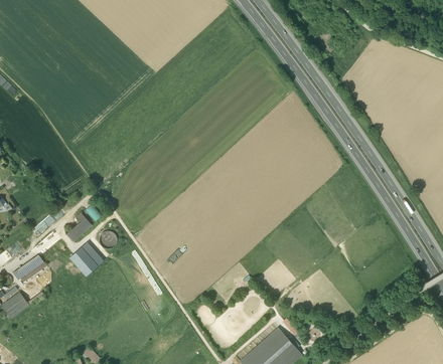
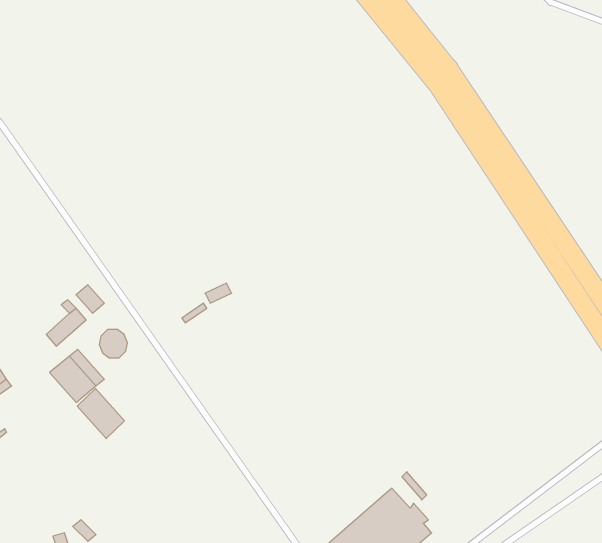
building: none -> [77,389,124,439]

